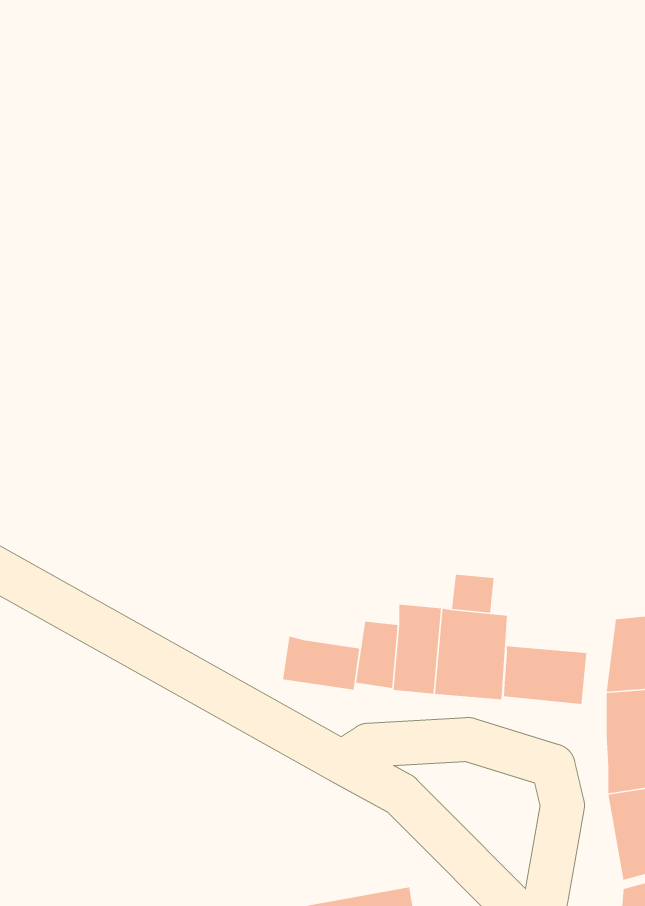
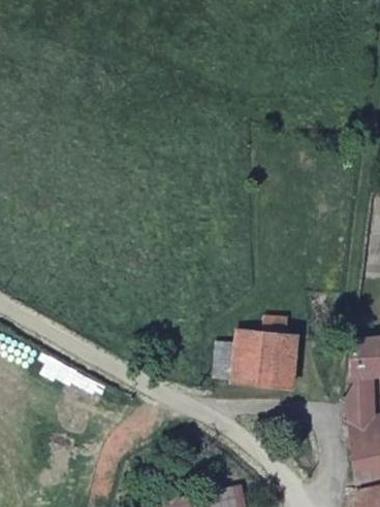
building: [282,635,360,691] -> none
building: [503,646,587,705] -> none

